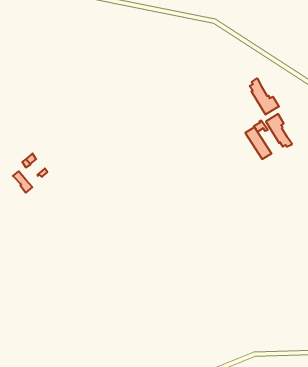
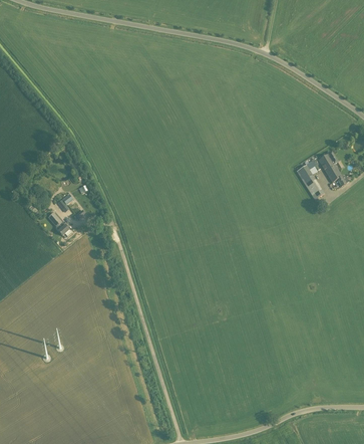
building: [250,78,279,115] -> none

